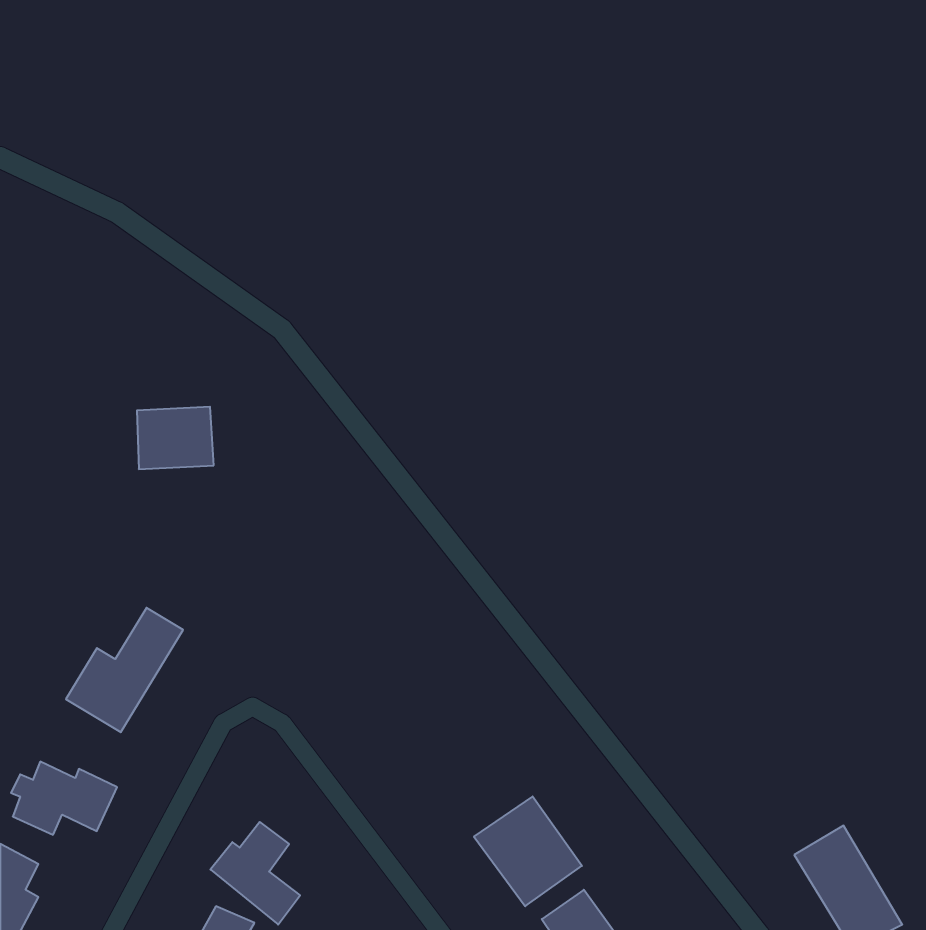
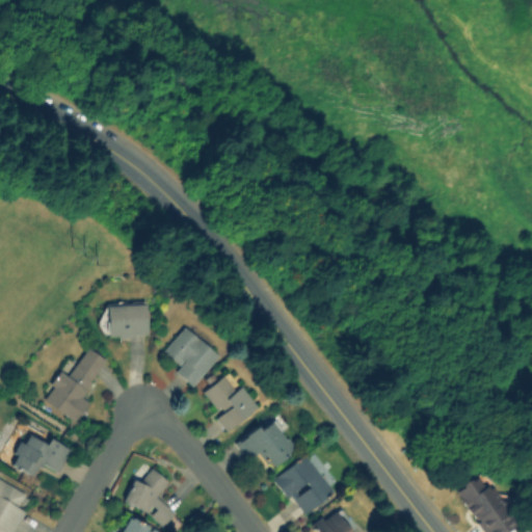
building: [137,407,214,469] -> [105,302,149,338]
building: none -> [162,327,220,384]
building: none -> [203,373,259,431]
building: none -> [237,417,297,470]

